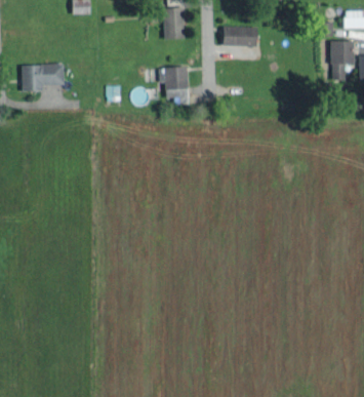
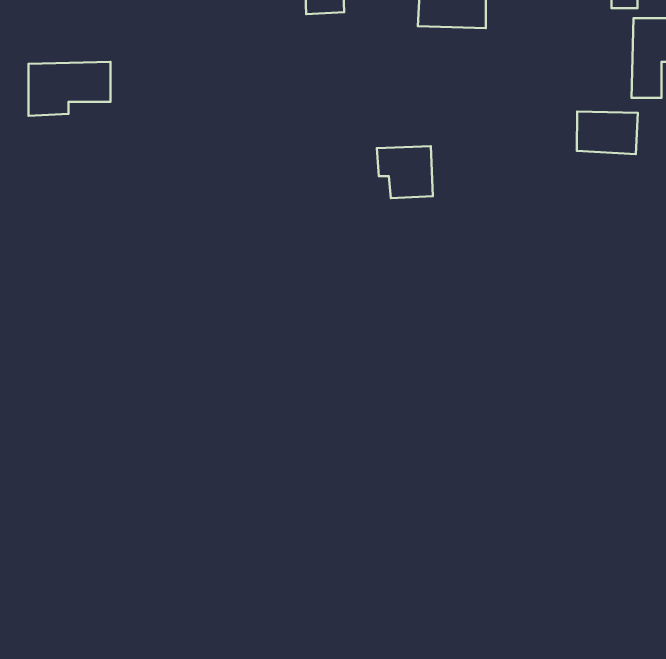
building: [159,67,188,93] -> [377,146,433,198]
building: none -> [577,111,638,154]

